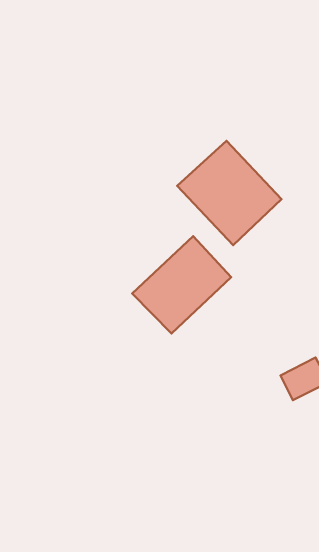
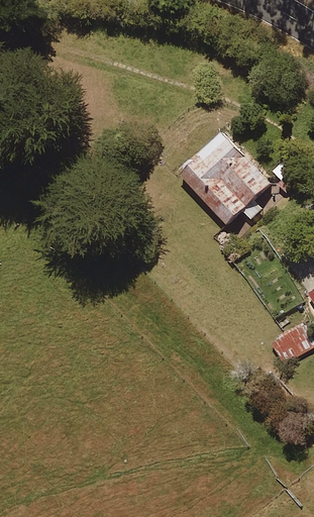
building: [132,236,231,333] -> none

